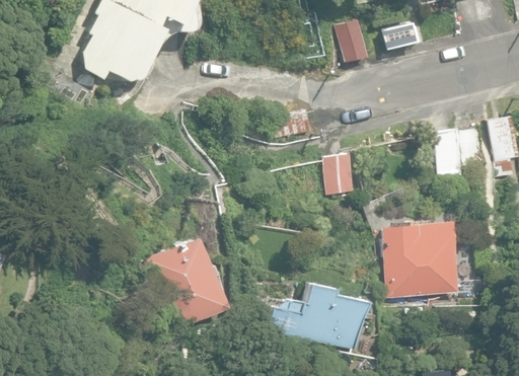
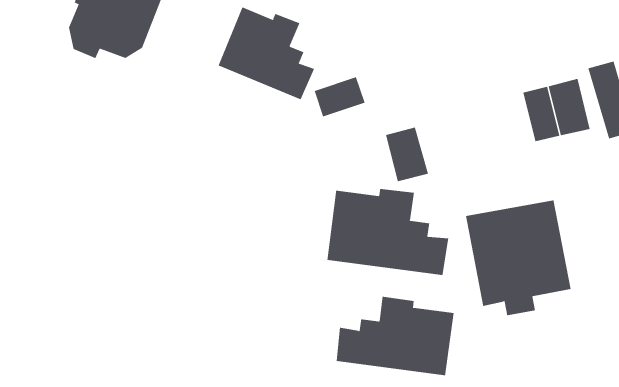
building: none -> [218,7,315,100]
building: none -> [327,188,449,276]
building: [147,236,230,329] -> none

